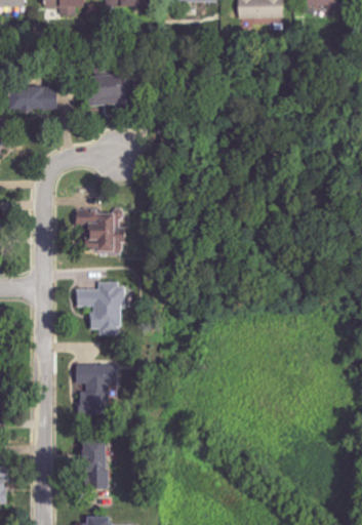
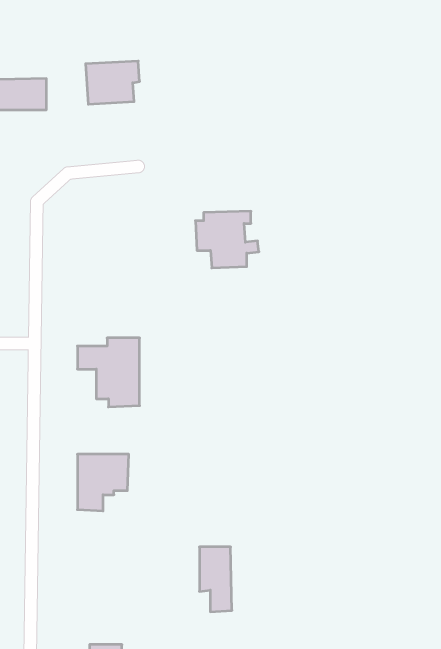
building: [83,209,131,252] -> [195,211,259,268]
building: [81,440,106,489] -> [199,547,232,612]

